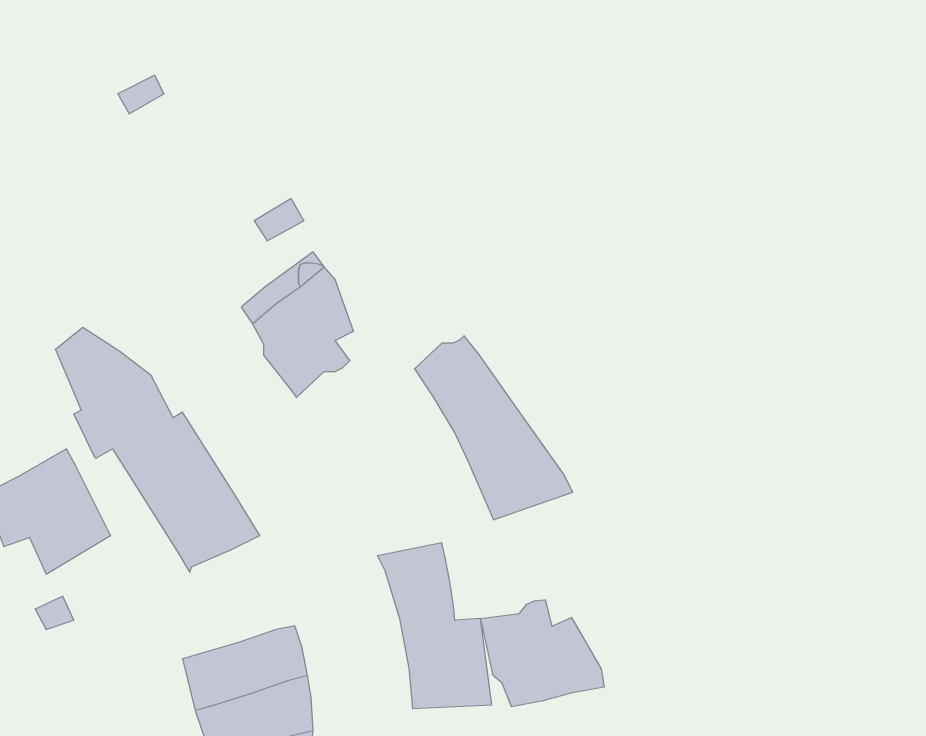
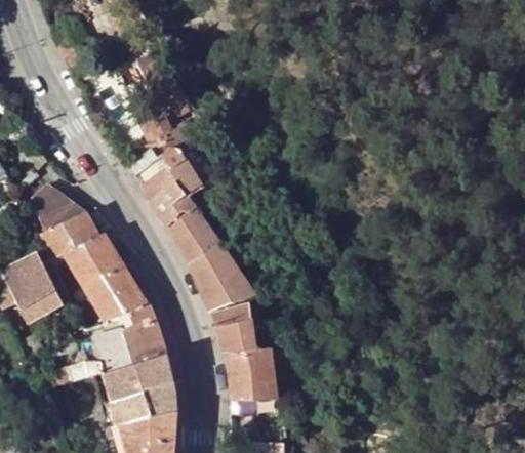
building: [414,336,573,520] -> [167,207,255,310]
building: none -> [40,302,166,389]
building: [481,600,604,707] -> none

